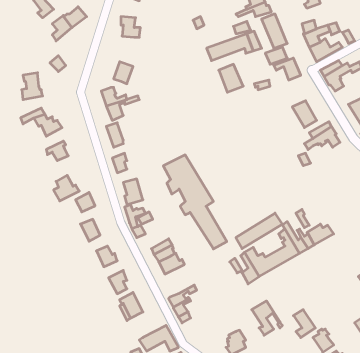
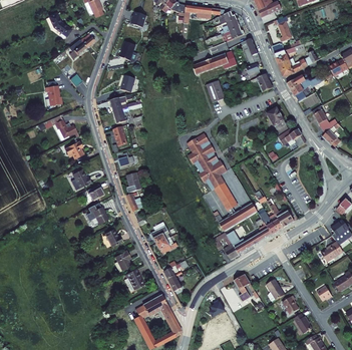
building: [163,155,227,249] -> [188,135,240,213]

